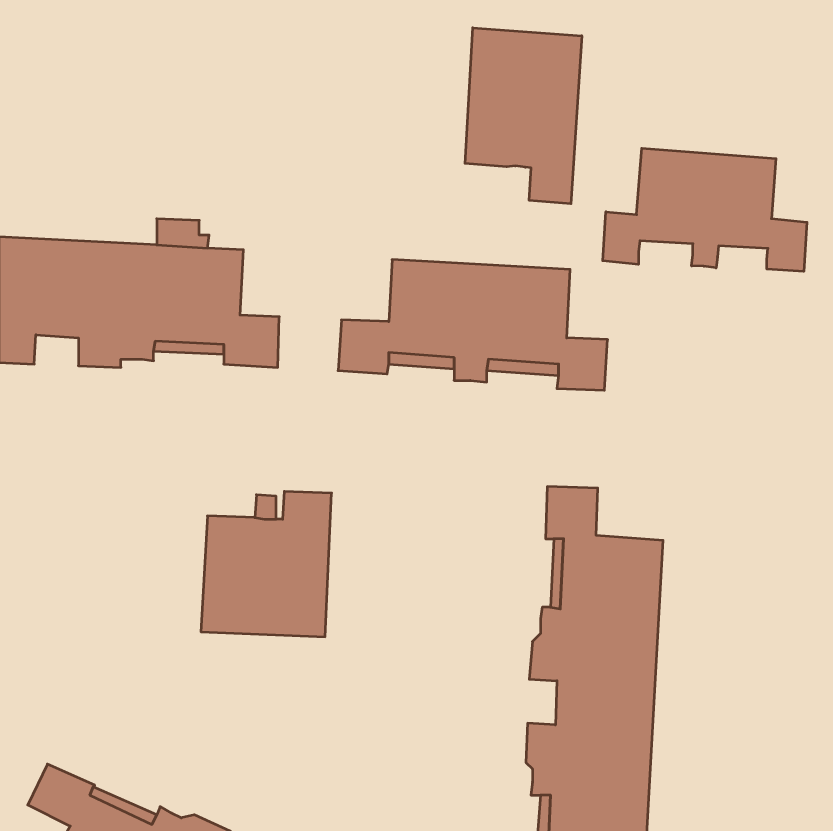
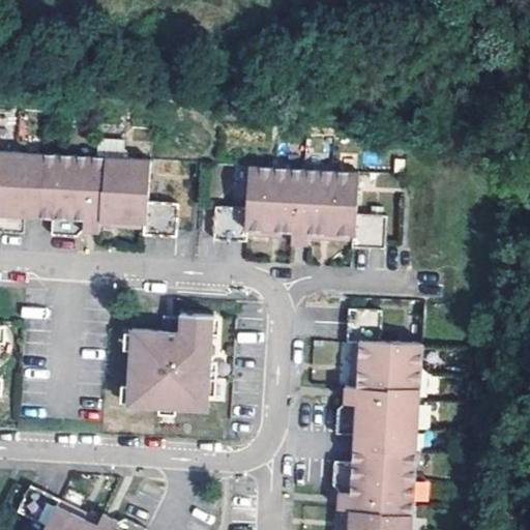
building: [465,28,582,204] -> none
building: [603,148,807,271] -> none

